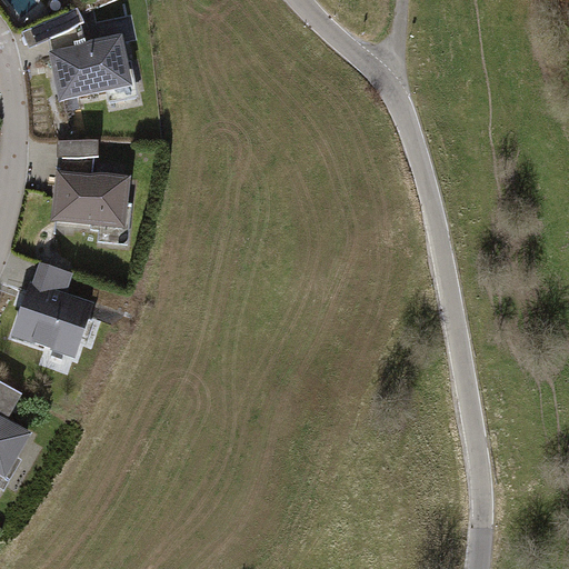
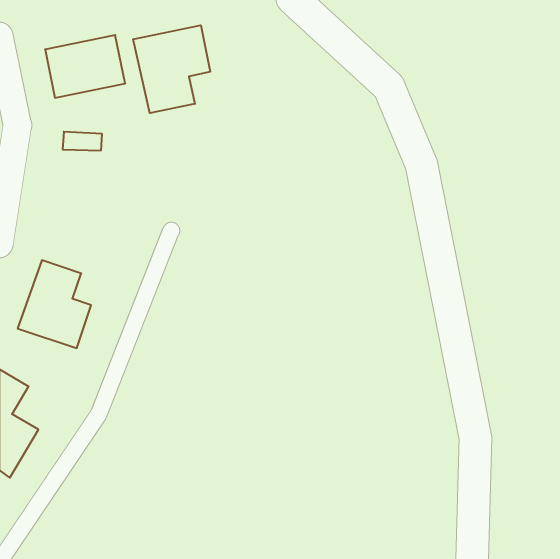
building: none -> [133,25,210,113]
building: [46,168,123,228] -> none

